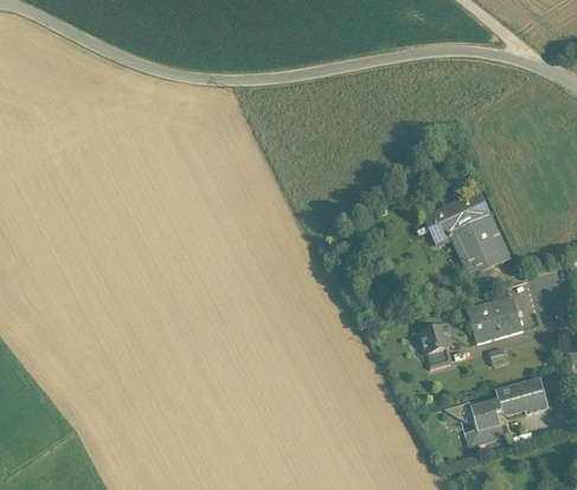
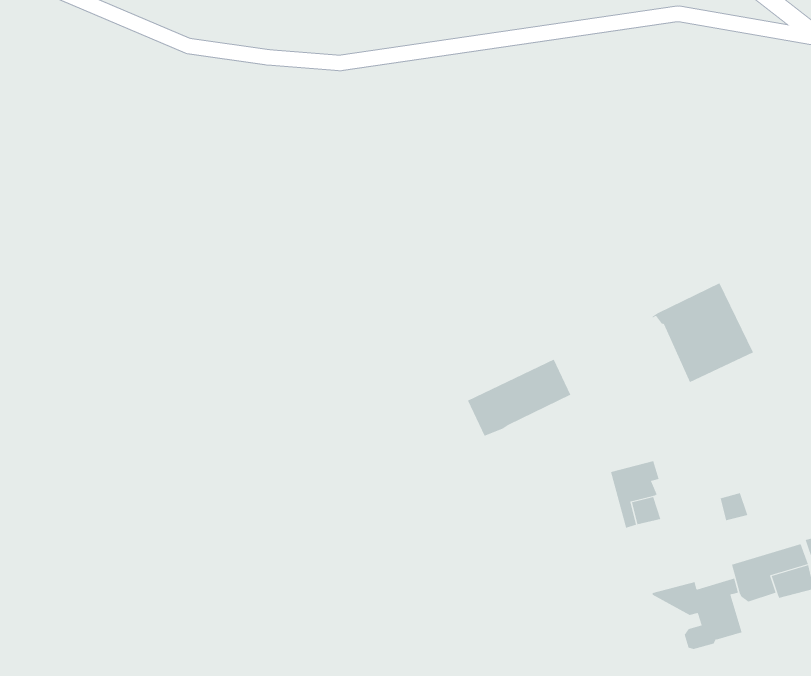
building: [423,191,488,240] -> [467,359,571,437]
building: [466,294,522,342] -> none

